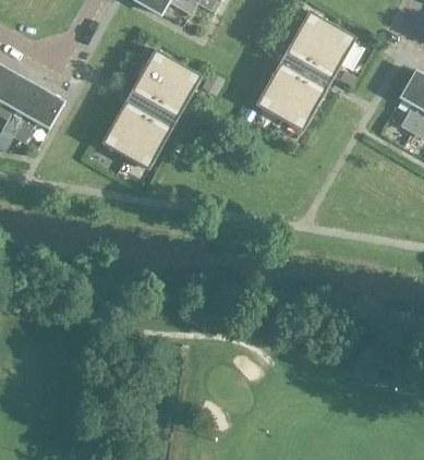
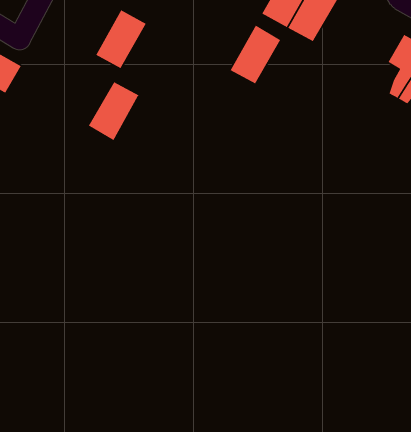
building: [155,62,202,118] -> none
building: [279,77,326,132] -> none
building: [101,101,148,157] -> none

